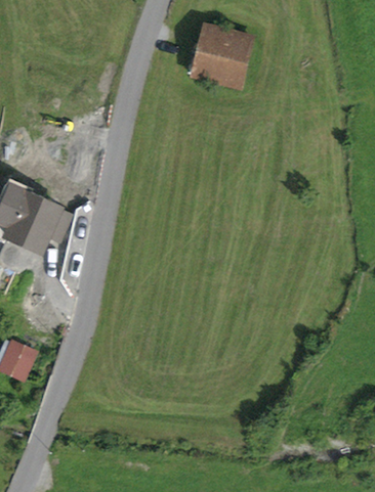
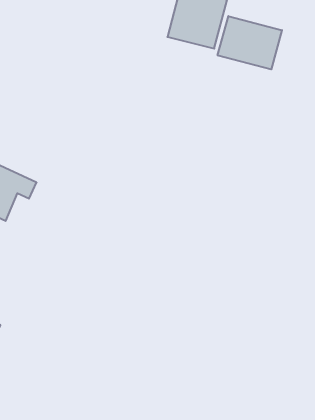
building: none -> [218,16,282,69]

